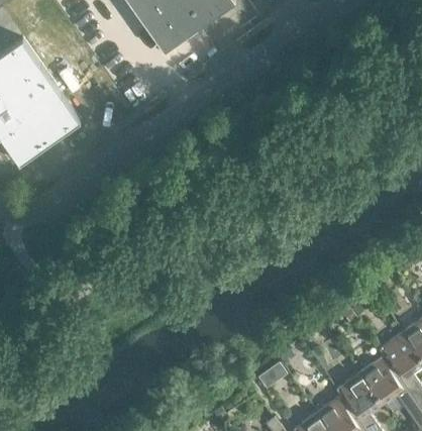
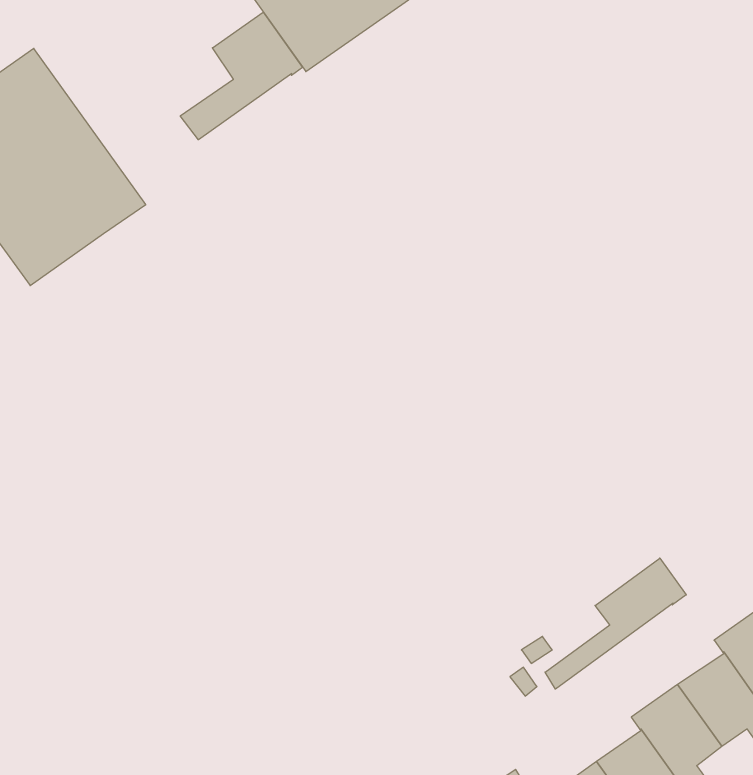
building: none -> [180,12,303,140]
building: none -> [545,558,686,689]

